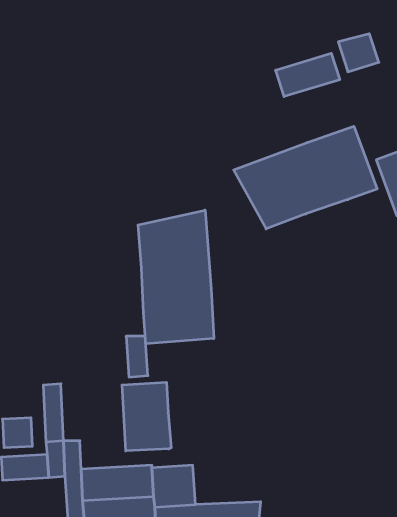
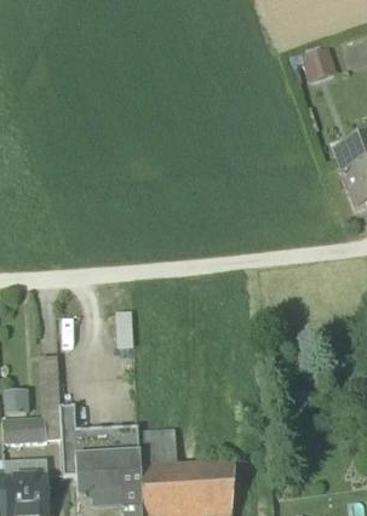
building: [276,53,340,97] -> none
building: [234,126,377,229] -> none
building: [138,210,214,344] -> none
building: [122,382,171,451] -> none

